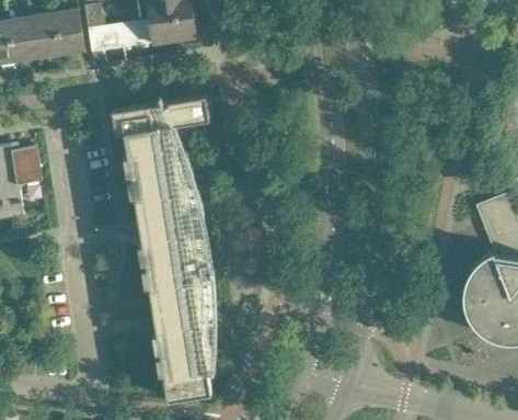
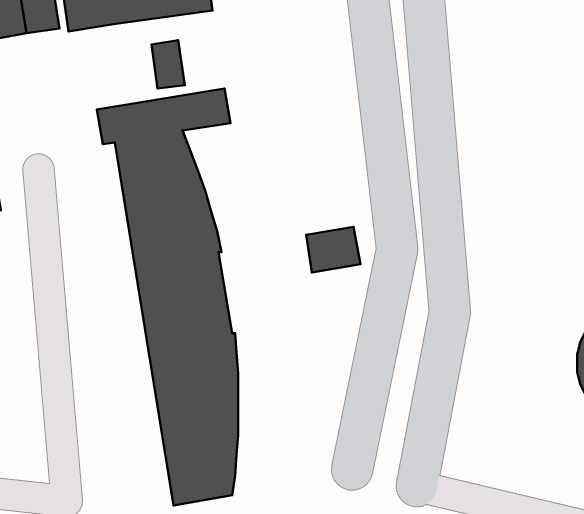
building: none -> [151,40,185,88]
building: none -> [306,227,360,272]

